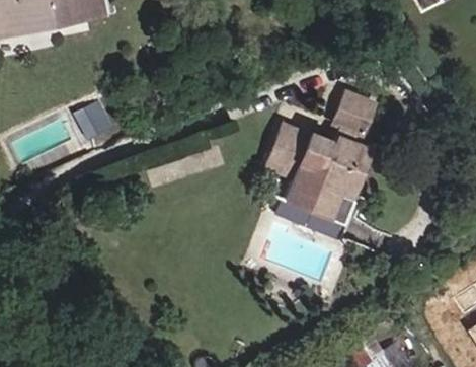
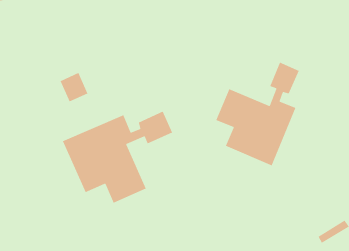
building: none -> [62,111,173,204]

